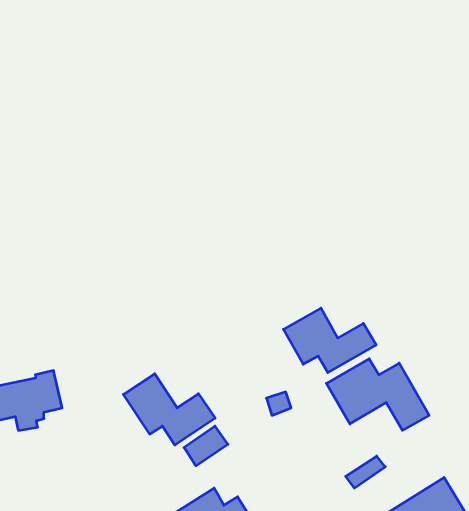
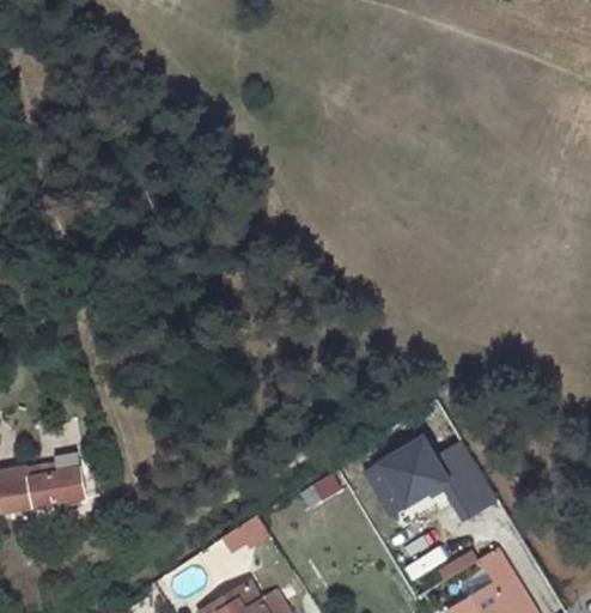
building: [283,308,376,373] -> none
building: [123,374,215,445] -> none

